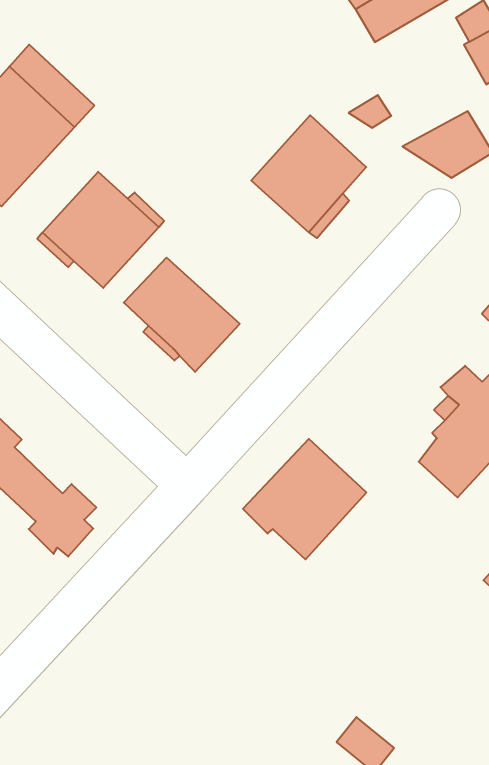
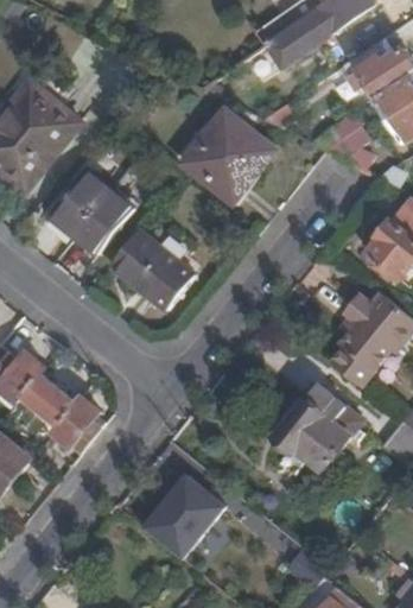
building: [243,439,366,559] -> [272,385,360,471]
building: none -> [141,477,220,558]

